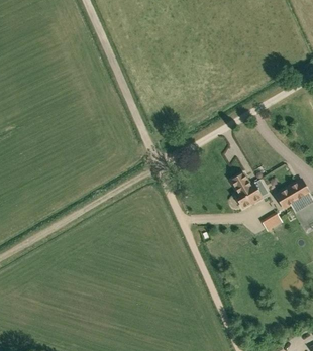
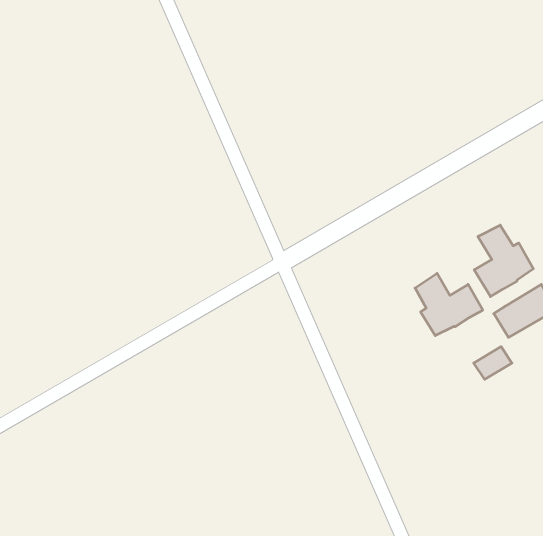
building: none -> [474,225,533,297]

